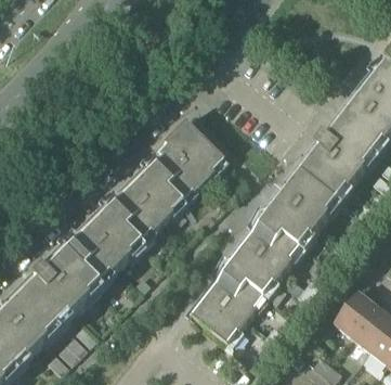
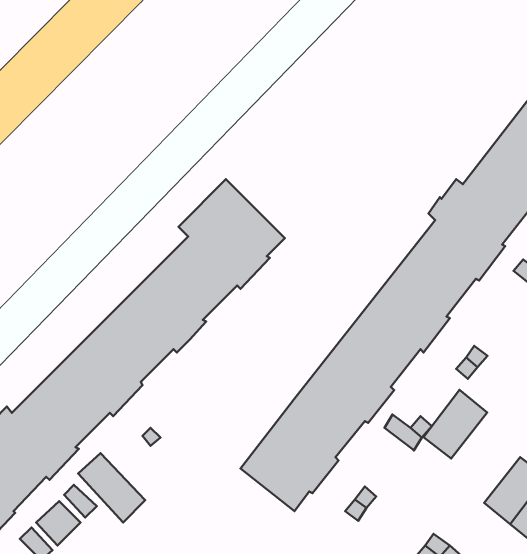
building: [336,291,378,336] -> [423,390,487,458]
building: none -> [78,453,145,522]

